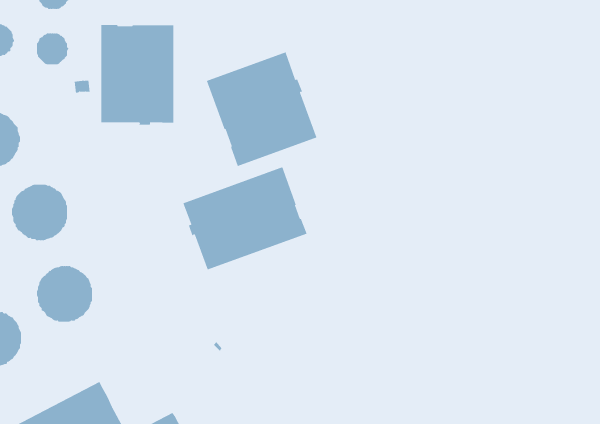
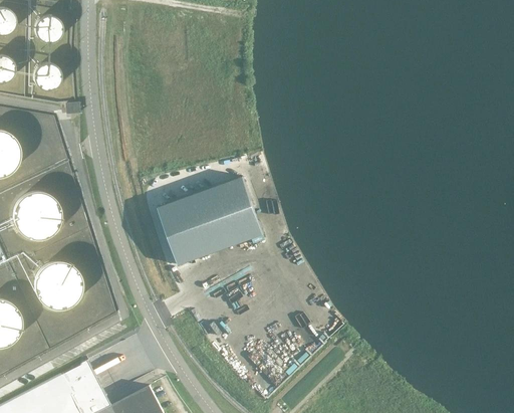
building: [101,24,174,126] -> none
building: [206,52,317,167] -> none

